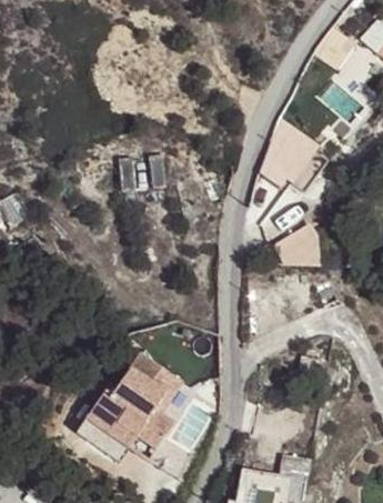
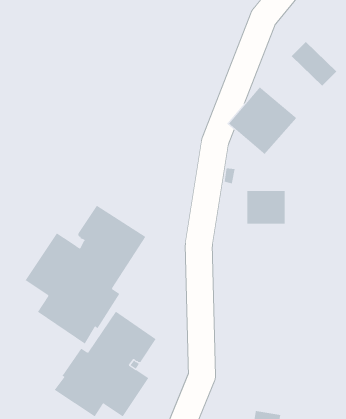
building: none -> [25,205,146,344]

